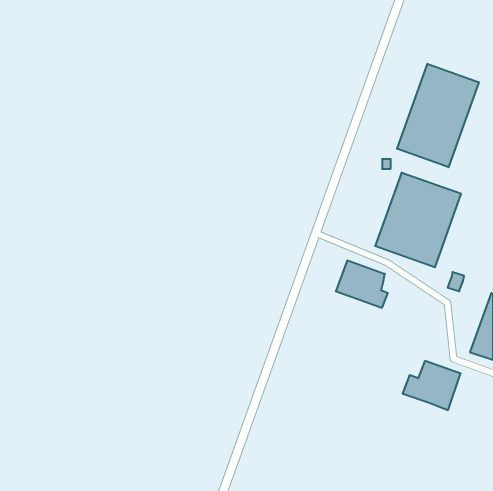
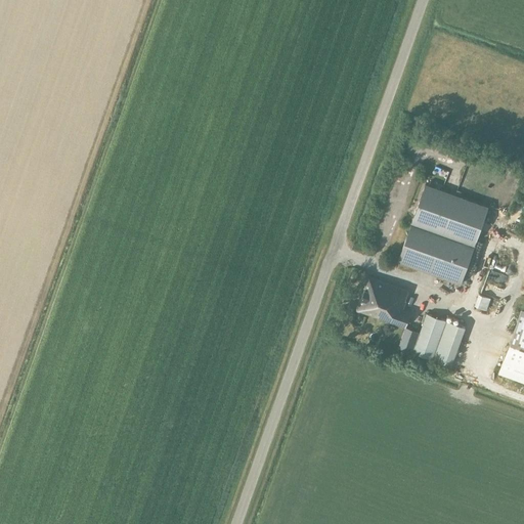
building: [397,64,479,167] -> none
building: [403,361,461,410] -> [403,315,465,367]

